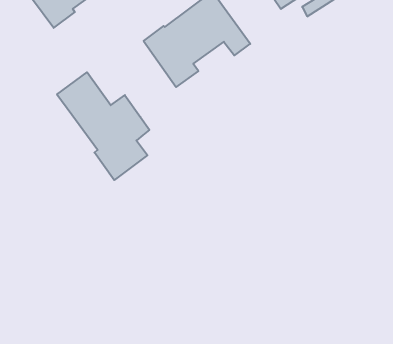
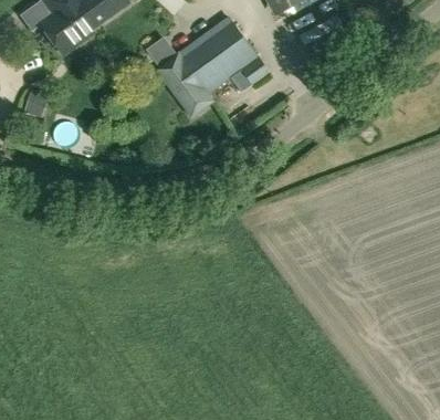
building: [57,72,149,180] -> none

